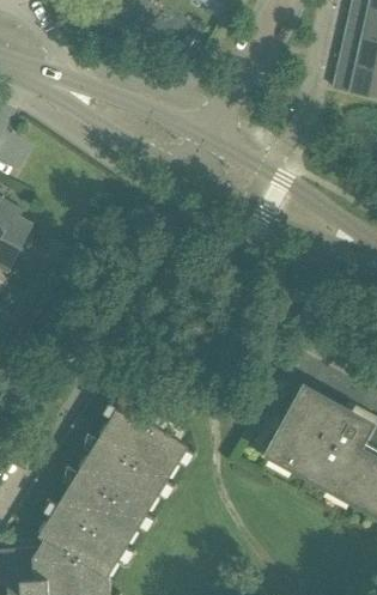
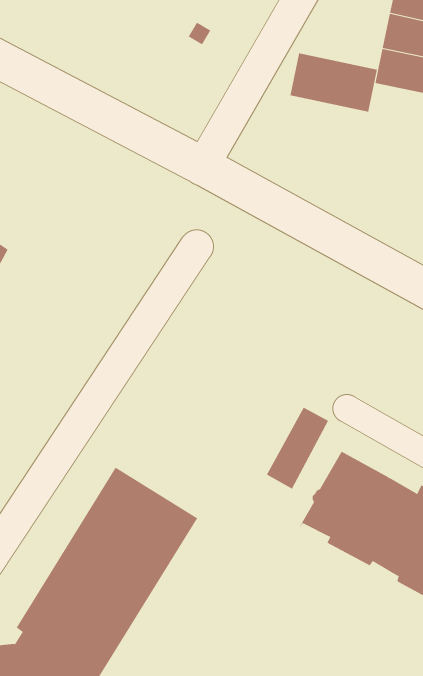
building: none -> [290,53,377,112]
building: none -> [266,407,329,489]

